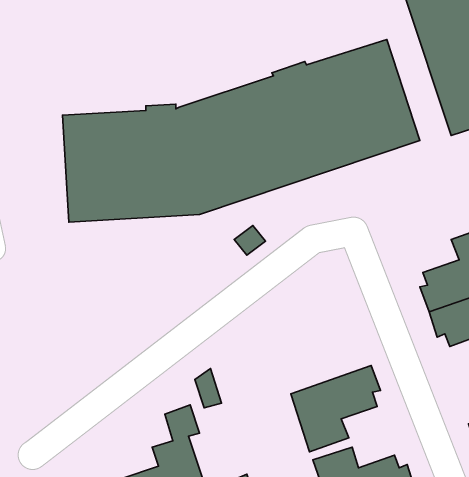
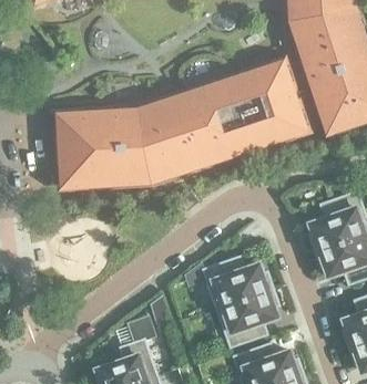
building: none -> [202,259,273,309]

